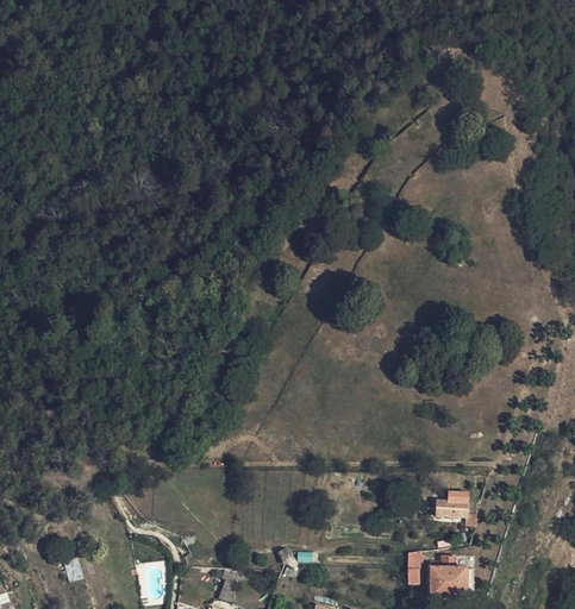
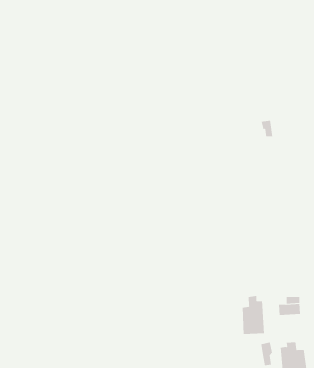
building: none -> [242,295,264,335]

